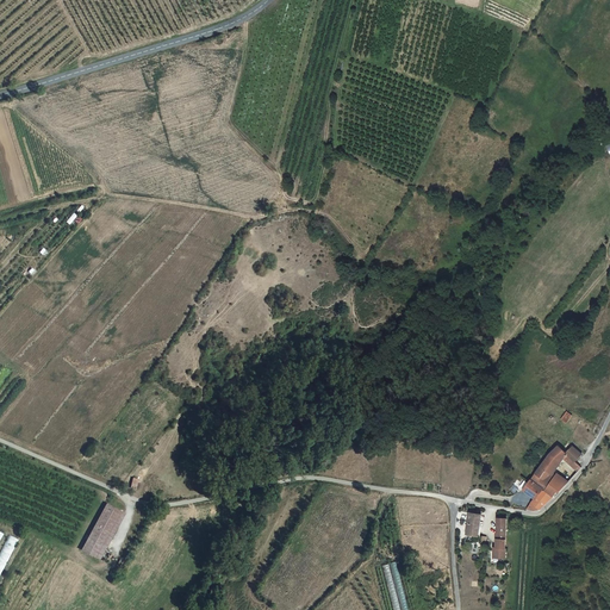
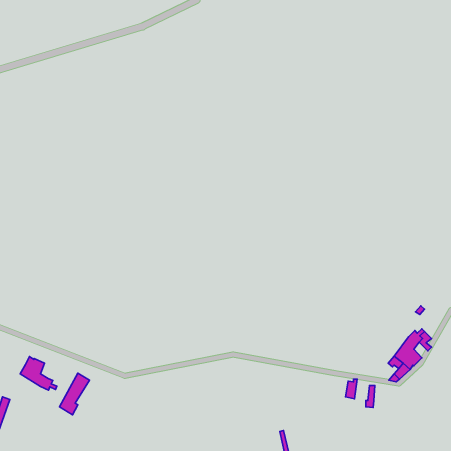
building: none -> [20,356,57,390]

